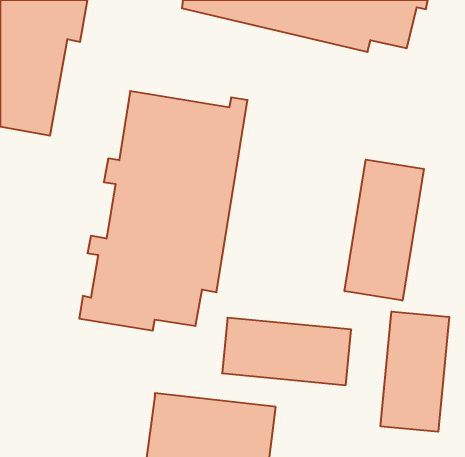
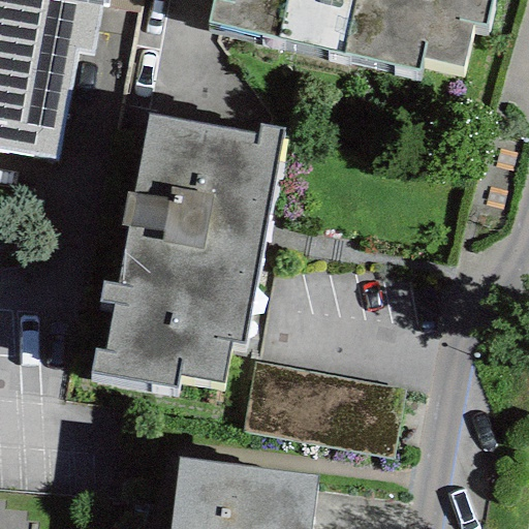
building: [345,160,424,301] -> none
building: [381,311,449,432] -> none

